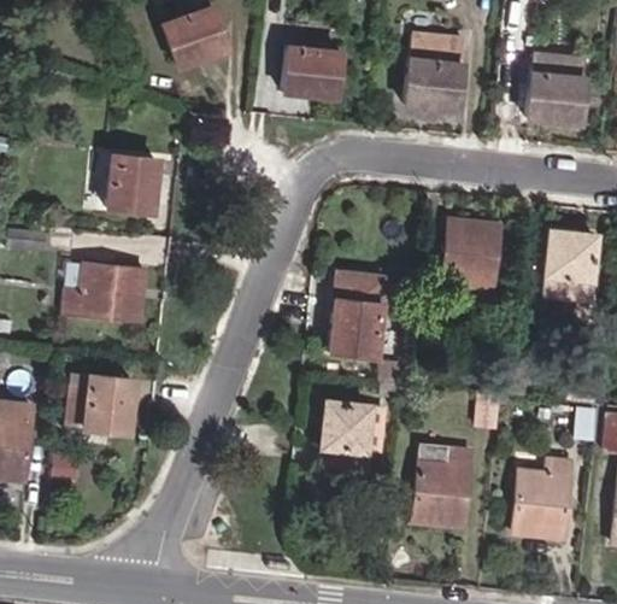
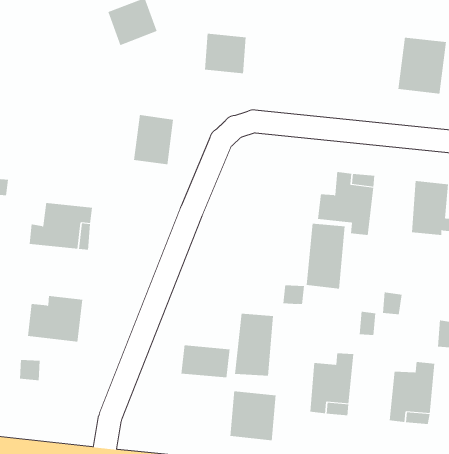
building: [405,34,465,111] -> none
building: [107,149,158,212] -> [133,115,174,165]
building: [334,274,383,356] -> [306,223,346,289]
building: none -> [181,345,230,378]
building: none -> [230,390,276,441]

